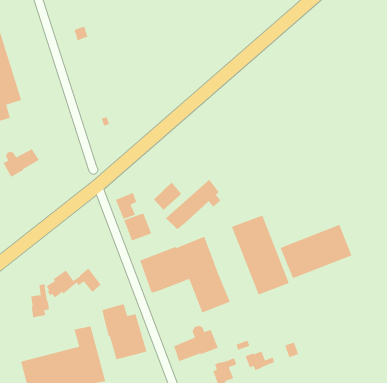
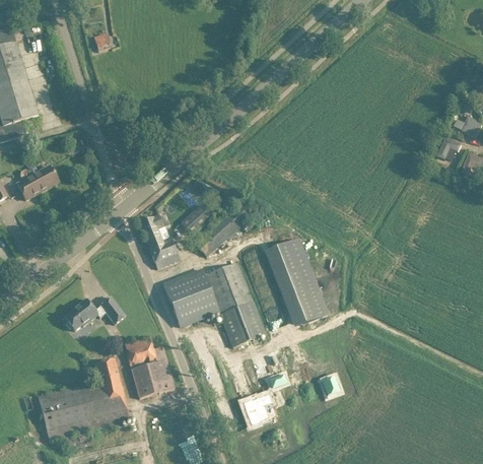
building: [280,224,353,279] -> none
building: [29,284,50,318] -> none
building: [173,325,219,362] -> none
building: [244,348,275,371] -> none

